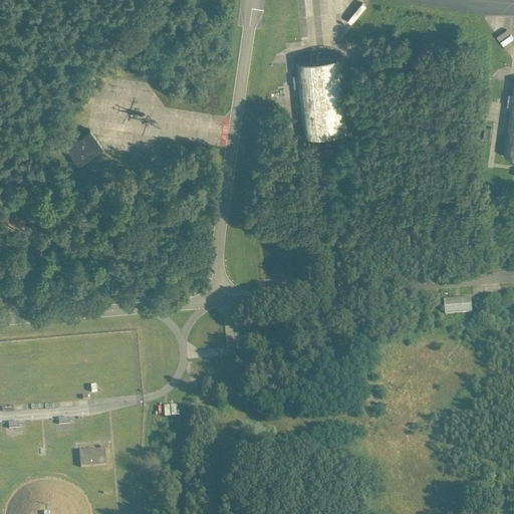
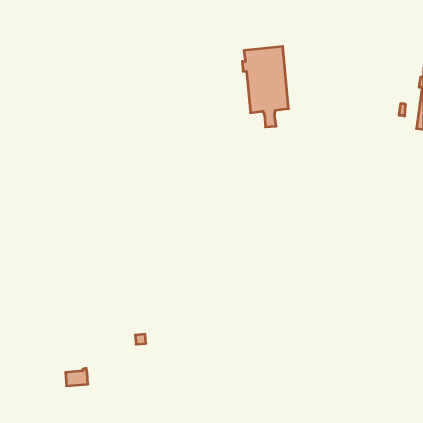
building: [66,128,104,164] -> none
building: [445,297,472,313] -> none

